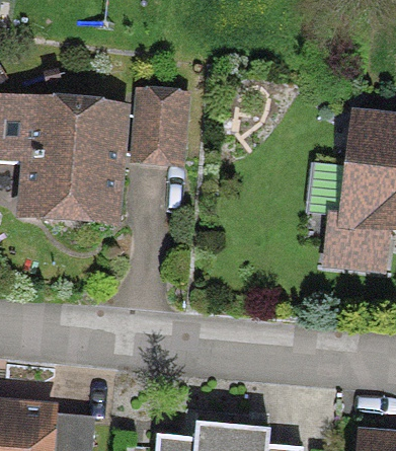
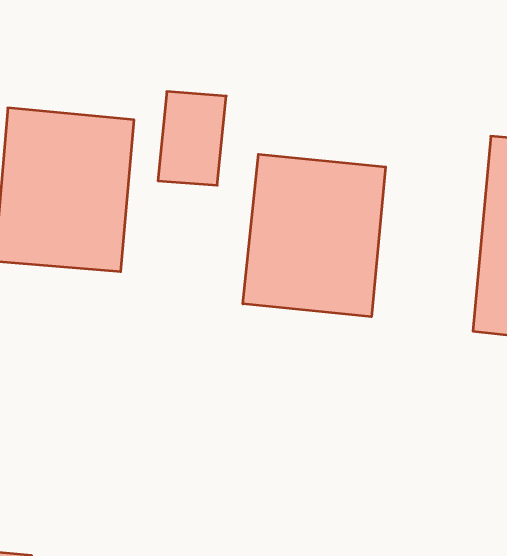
building: none -> [243,154,386,317]

